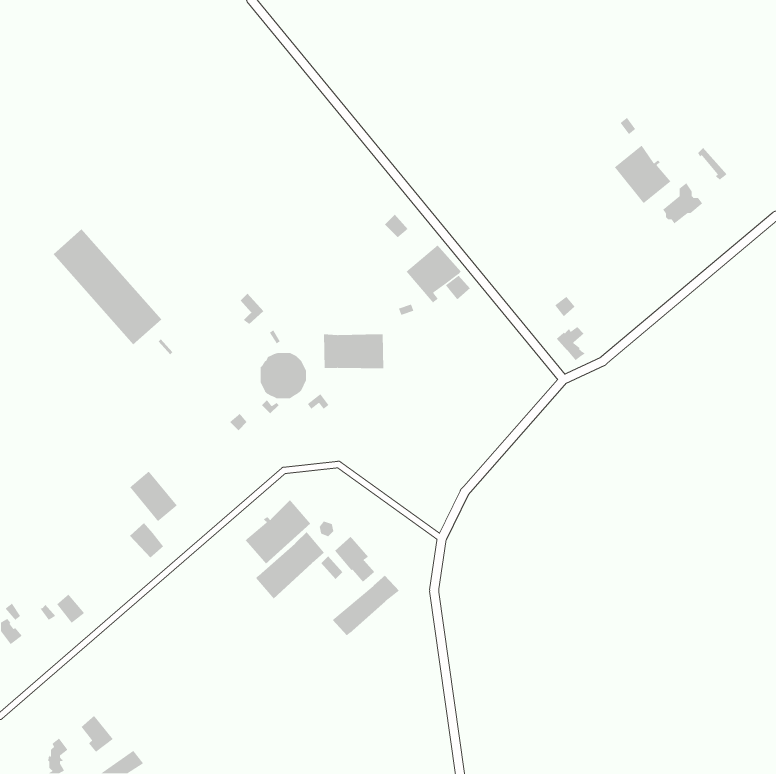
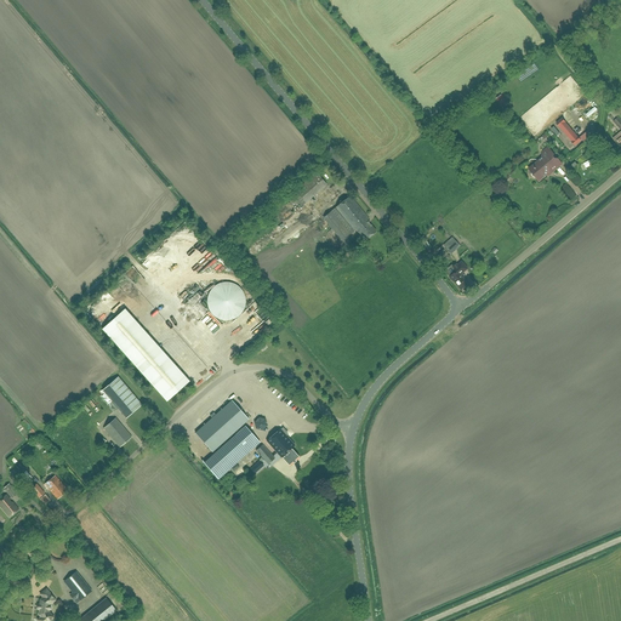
building: [614,145,671,204] -> none
building: [53,228,162,345] -> [102,308,189,401]
building: [323,334,384,369] -> none
building: [332,575,400,636] -> none

